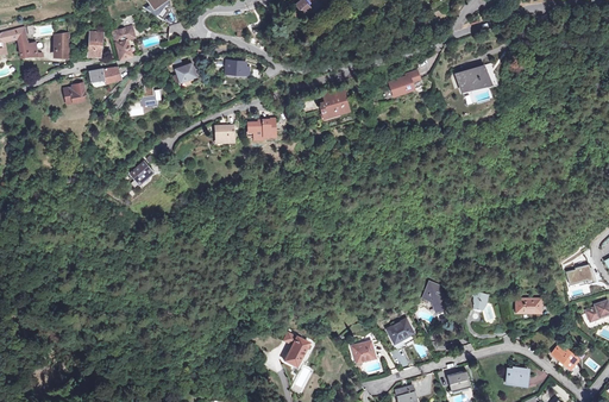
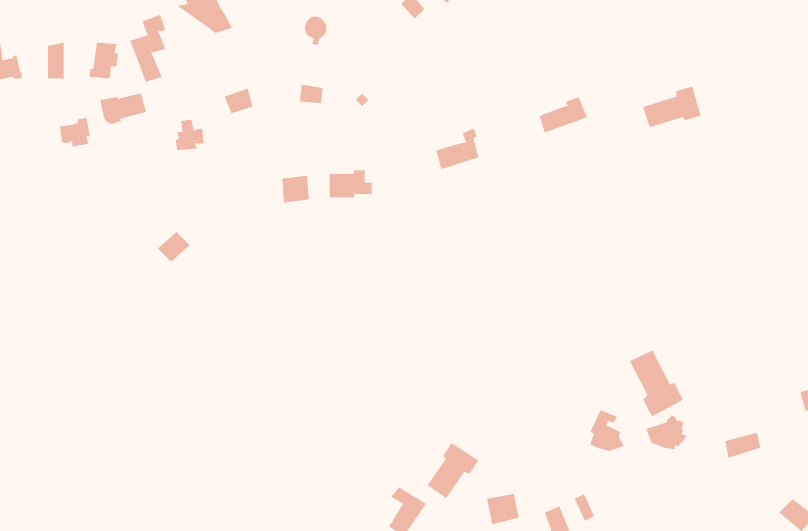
building: none -> [629,349,684,417]
building: none -> [427,442,479,499]
building: [388,318,420,348] -> none

